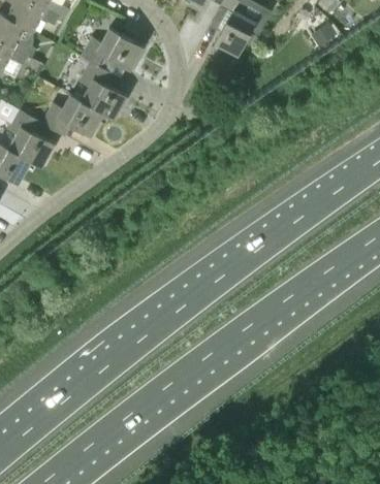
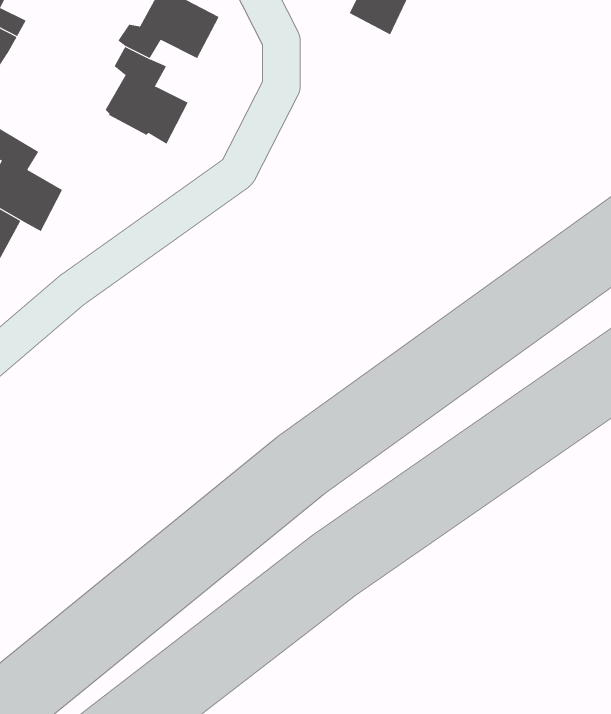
building: [43,97,101,136] -> none

